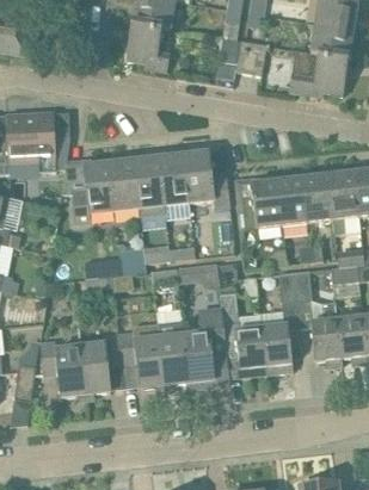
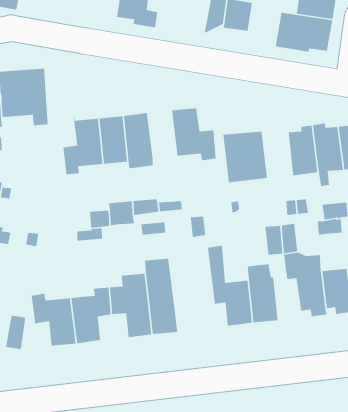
building: [159,154,189,204] -> none
building: [276,173,307,224] -> none
building: [184,306,227,389] -> none

